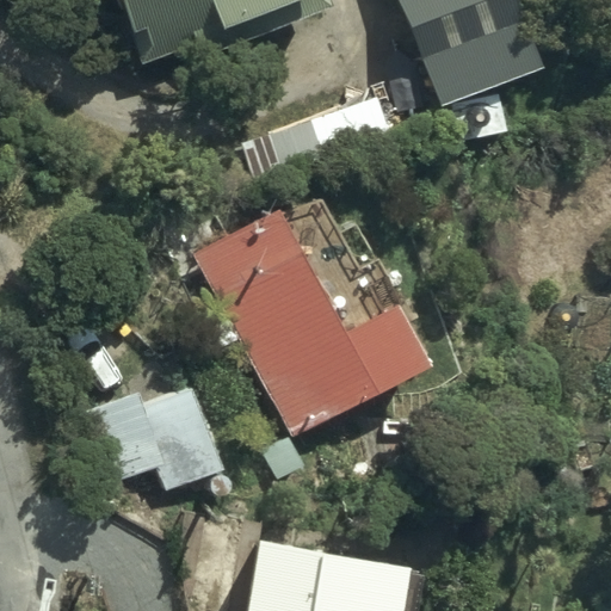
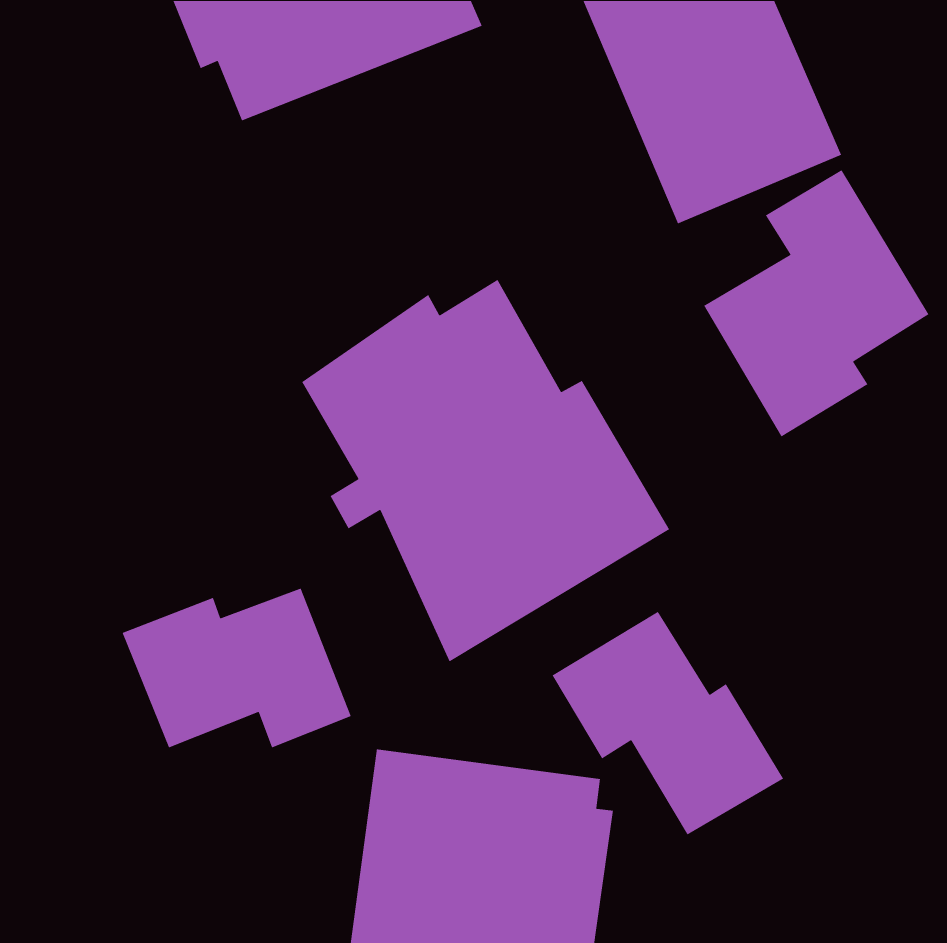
building: none -> [703,169,930,438]
building: none -> [551,611,784,836]

